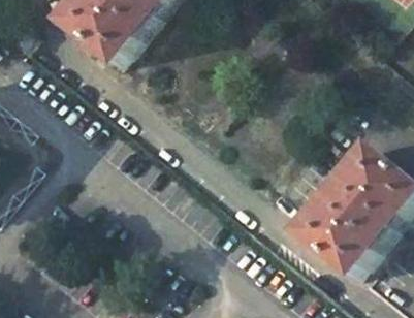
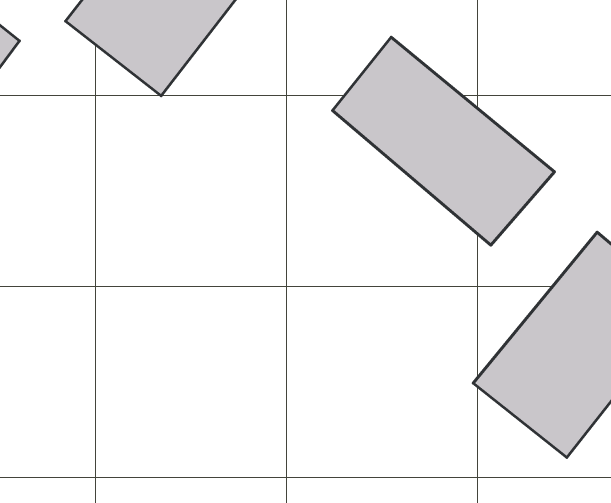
building: none -> [333,37,554,245]

